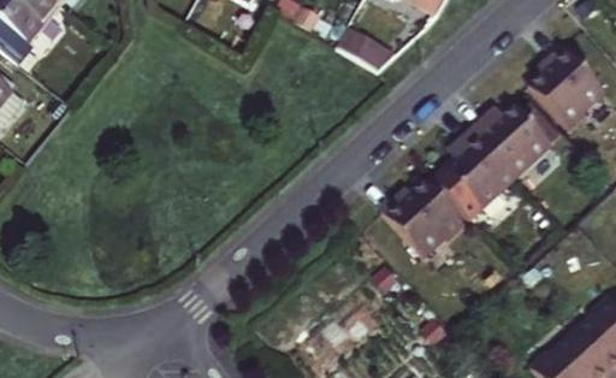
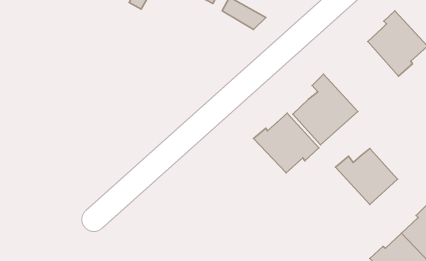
building: [469,102,550,175] -> [335,149,398,204]

